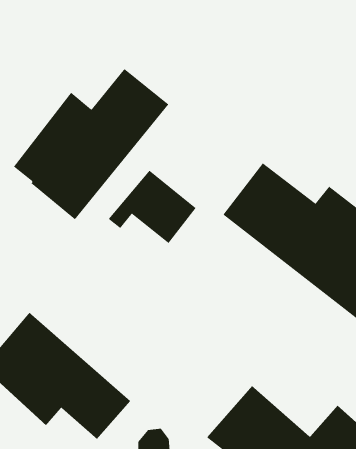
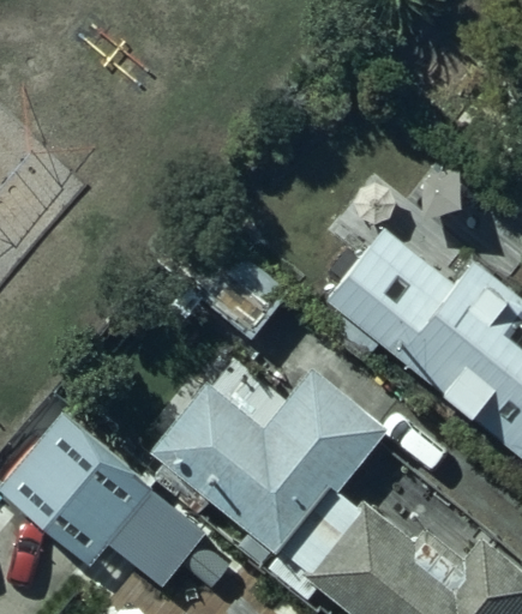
building: [13,68,169,220] -> none
building: none -> [154,383,379,561]

